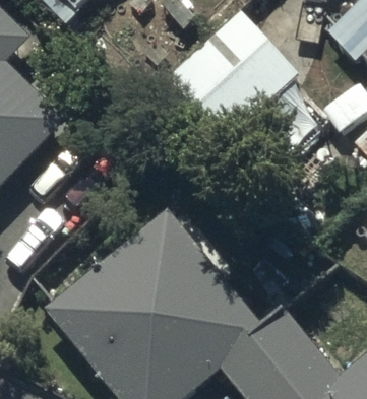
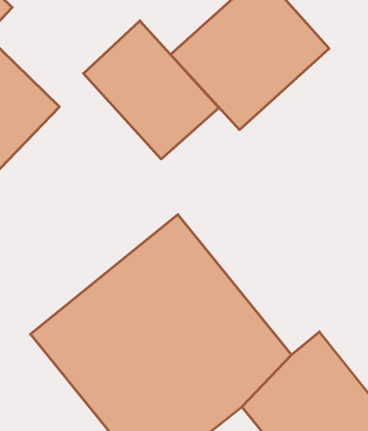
building: none -> [83,21,219,159]

